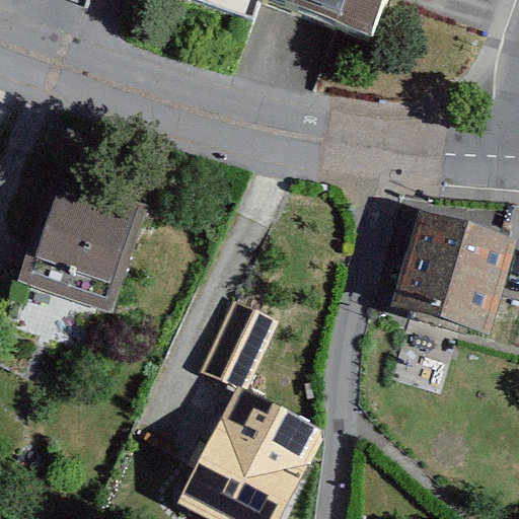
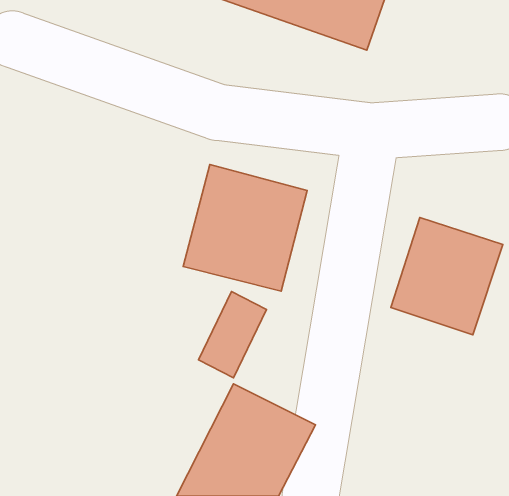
building: none -> [183,165,307,291]
building: [33,177,147,293] -> none

